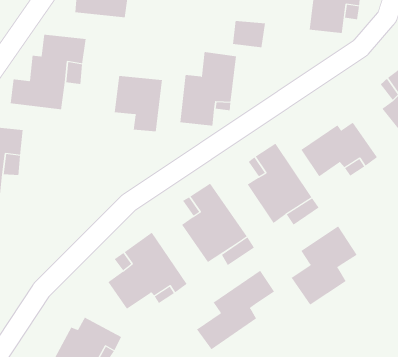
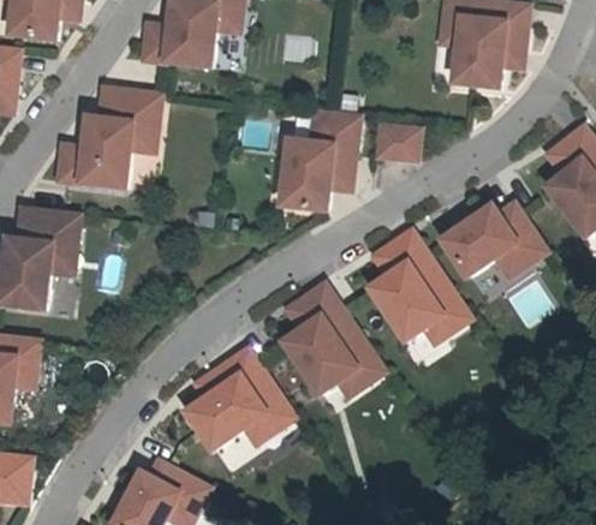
building: [232,21,266,48] -> [377,125,422,161]
building: [114,75,162,132] -> none
building: [291,226,357,306] -> none
building: [196,270,275,350] -> none

